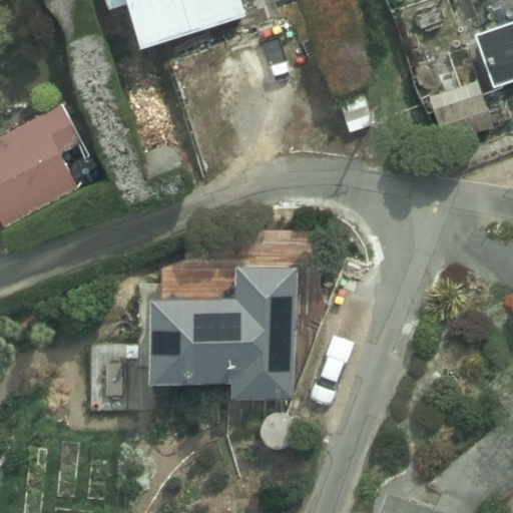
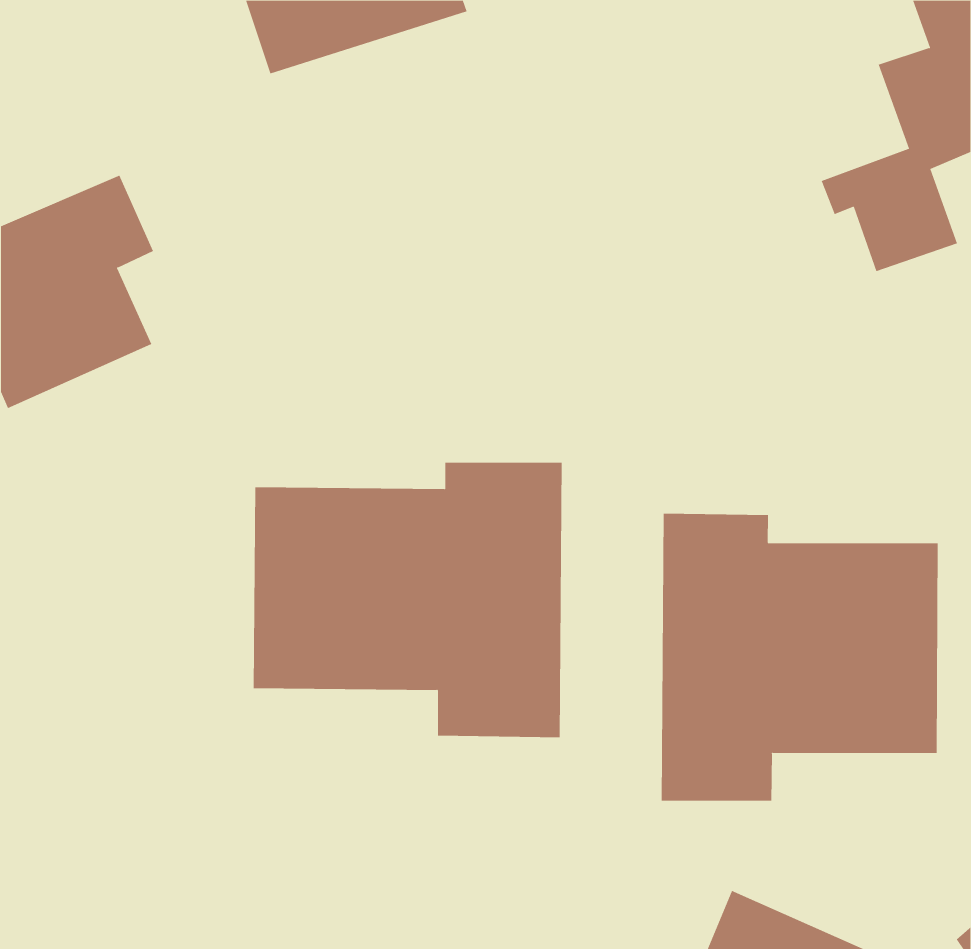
building: none -> [661,513,938,802]

